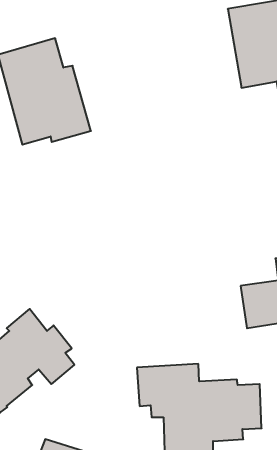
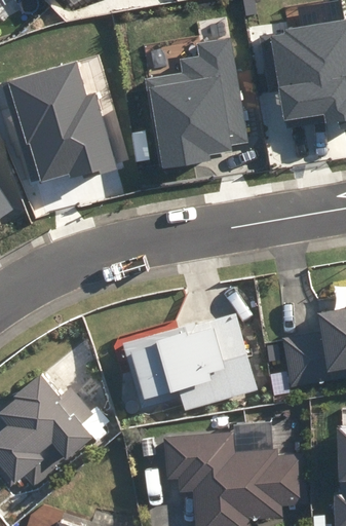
building: none -> [147,40,245,167]
building: none -> [126,308,259,407]

